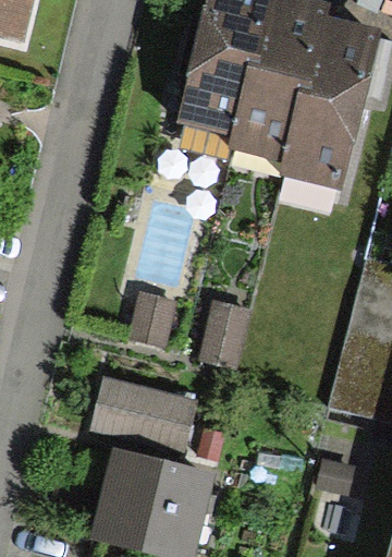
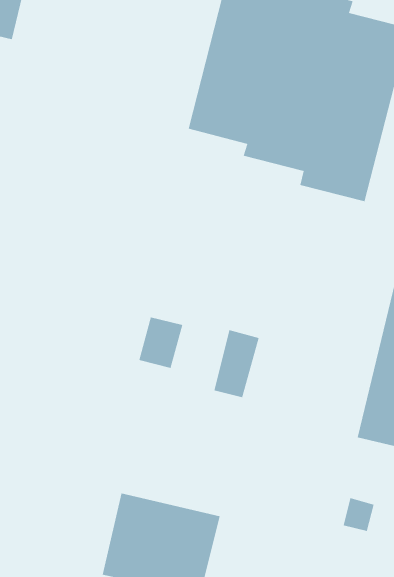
building: [88,386,198,458] -> none

